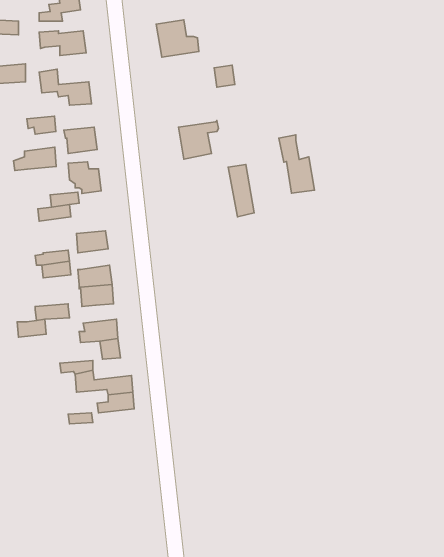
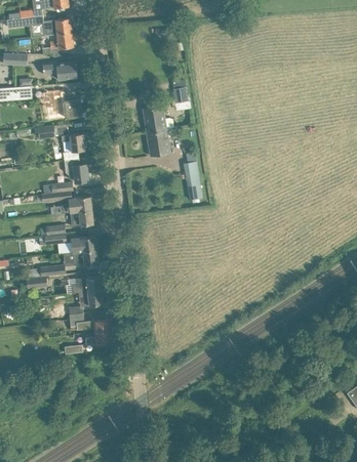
building: [156,20,199,57] -> [142,106,173,133]
building: [279,135,314,193] -> none
building: [14,147,56,170] -> [60,196,91,213]

